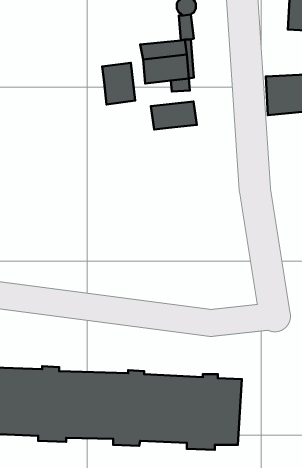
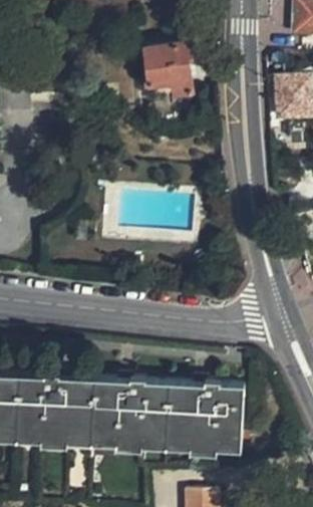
building: [102,63,135,104] -> none
building: [151,101,197,130] -> none

